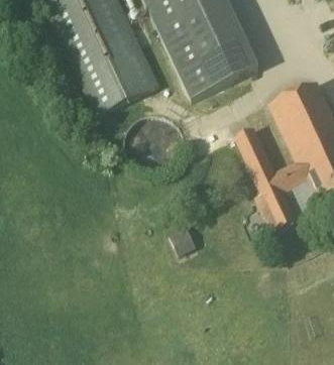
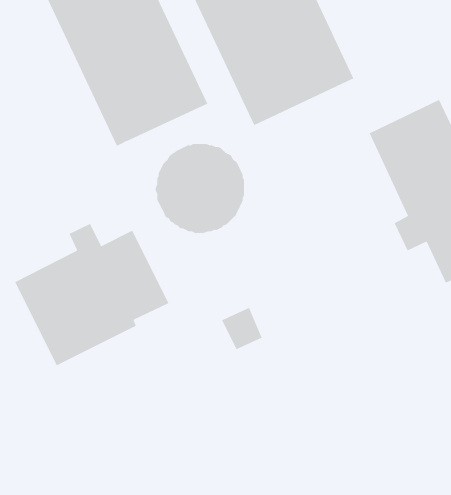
building: [234,126,295,230] -> none
building: none -> [15,223,169,366]

